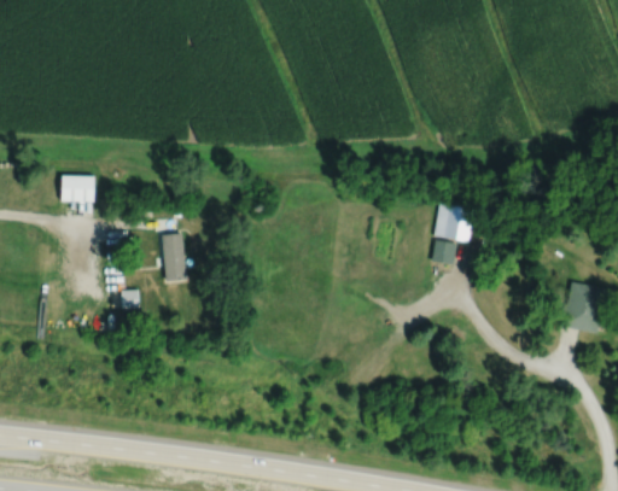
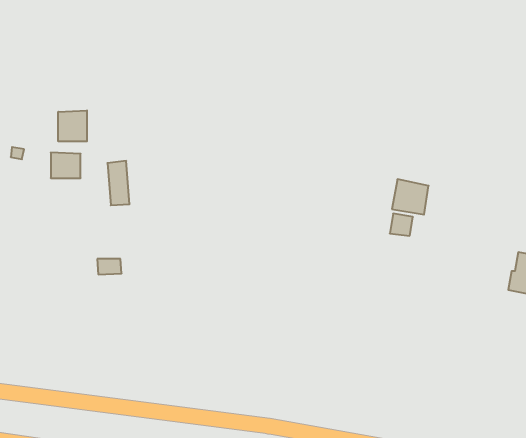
building: none -> [58,110,87,141]
building: [162,234,186,282] -> [107,161,130,205]

